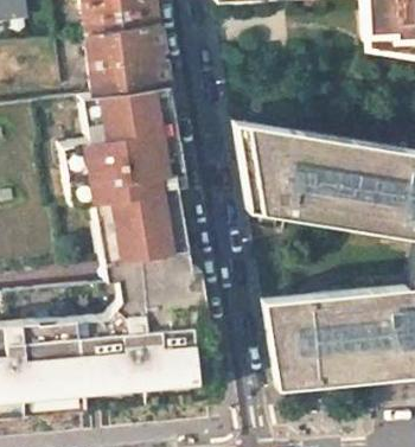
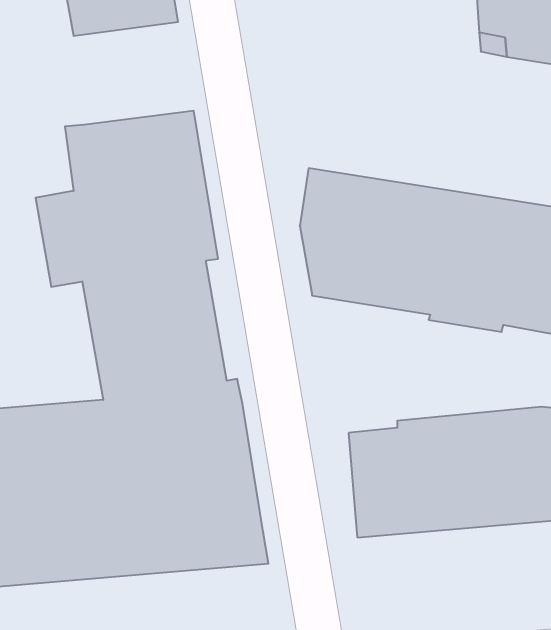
building: [85,24,167,94] -> none

